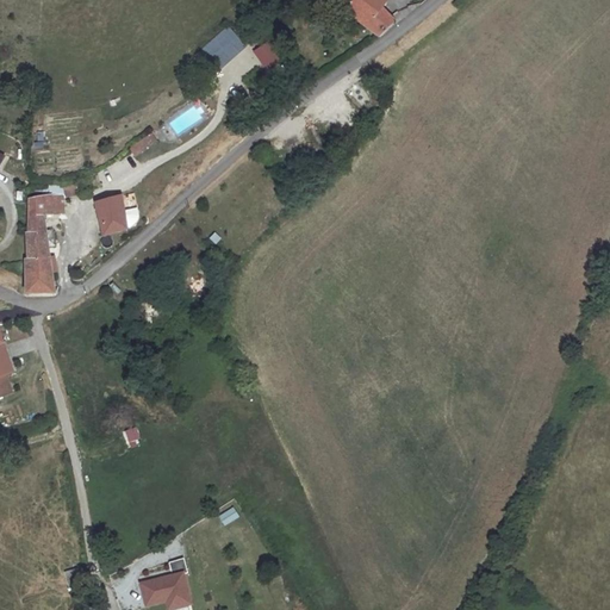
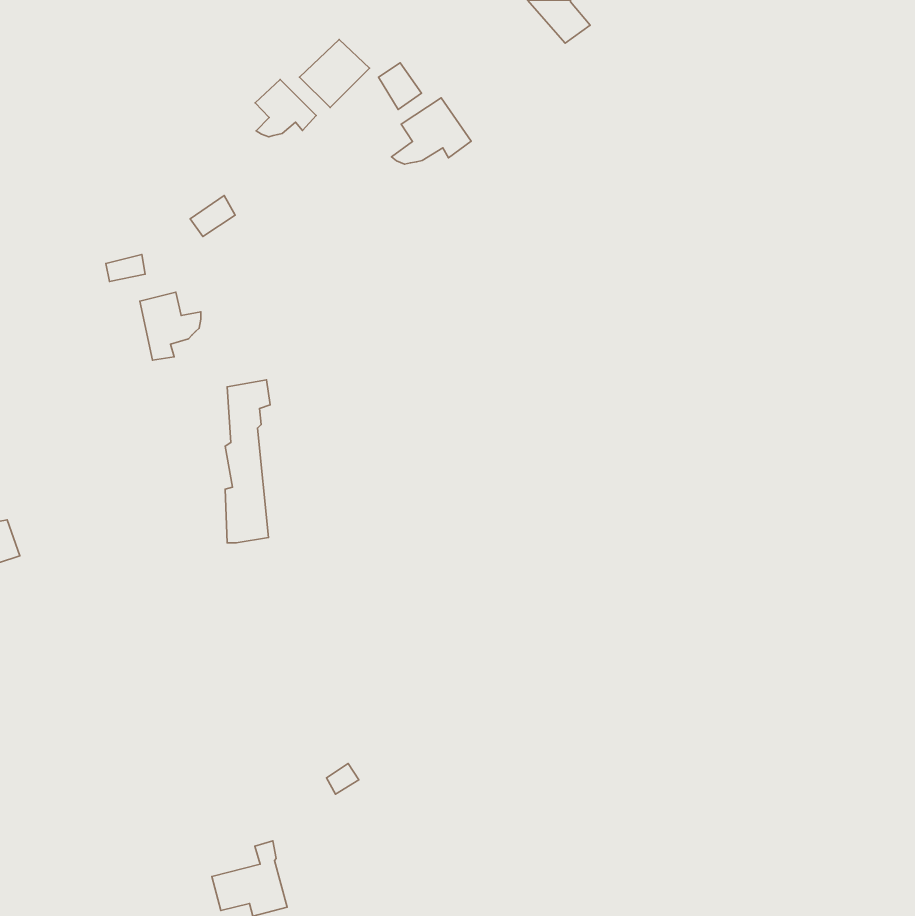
building: none -> [255,79,316,137]
building: none -> [391,98,471,164]
building: [25,182,55,291] -> [225,380,270,543]

